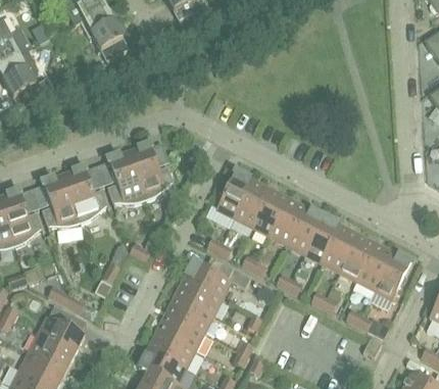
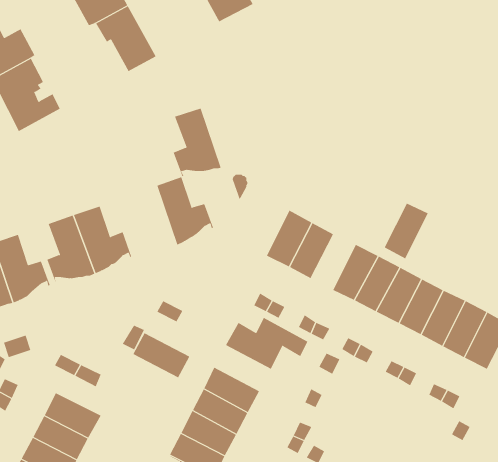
building: [106,151,145,206] -> [173,108,221,177]
building: [252,190,288,235] -> [384,203,428,259]
building: [175,279,221,315] -> [133,332,190,378]

